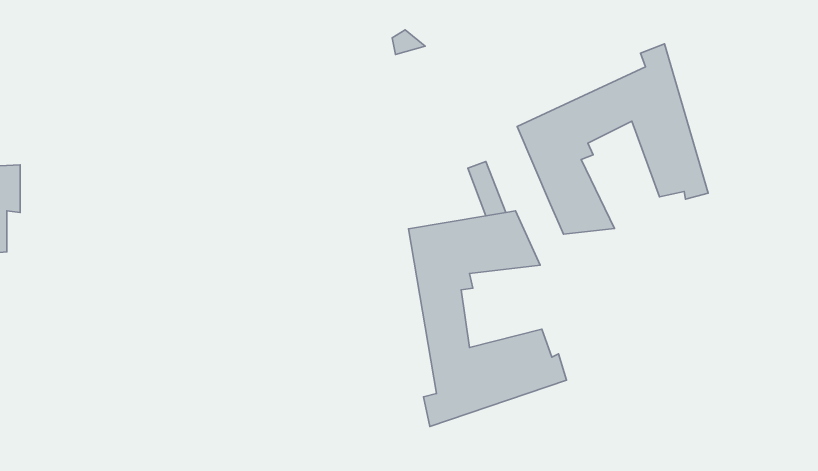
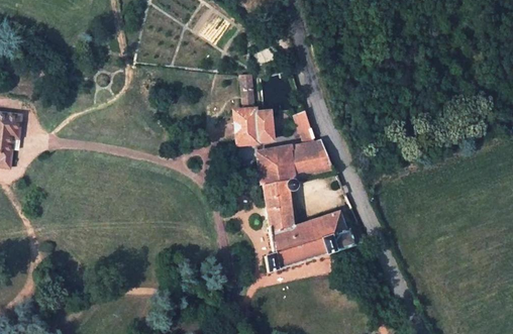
building: [517,44,708,234] -> none
building: none -> [235,74,273,143]

